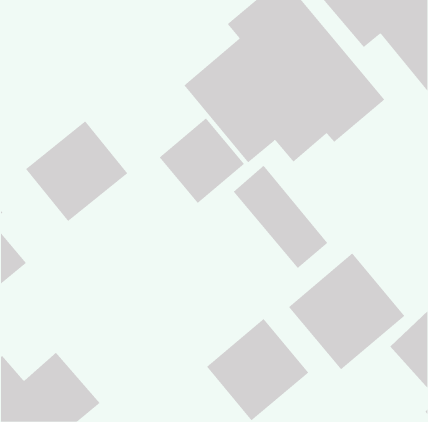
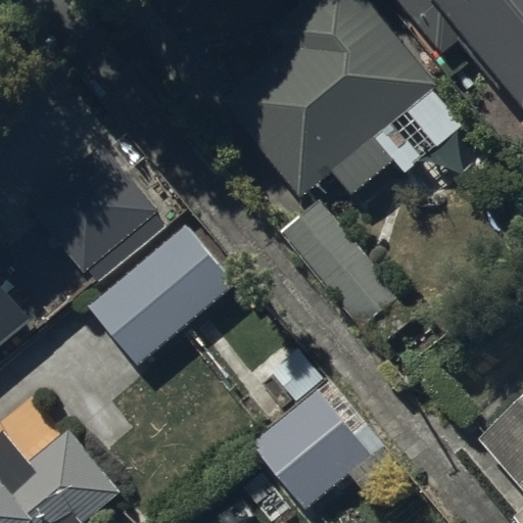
building: [159,117,245,204] -> none
building: none -> [88,224,236,365]
building: [288,253,405,370] -> none

